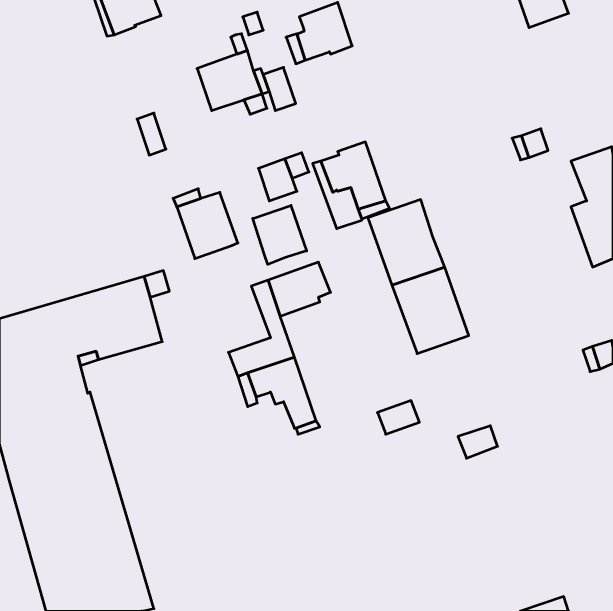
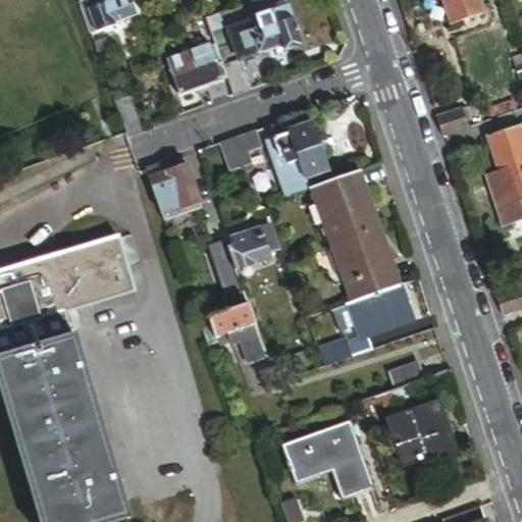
building: [253,205,307,264] -> none
building: none -> [349,284,411,338]
building: none -> [382,390,452,457]
building: none -> [282,421,373,501]

